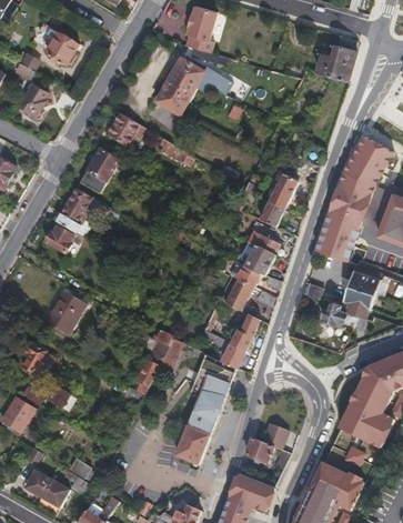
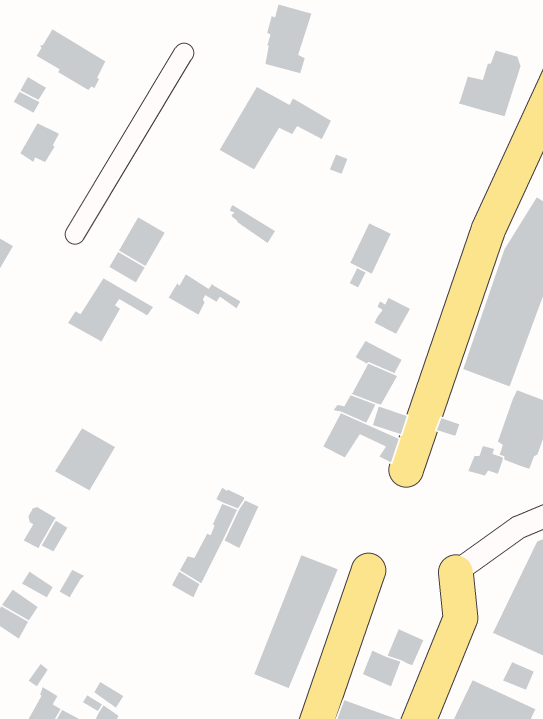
building: [105,114,141,145] -> none
building: [266,174,295,210] -> [349,222,392,275]
building: [42,225,92,254] -> [167,273,242,316]
building: [216,314,265,368] -> none

